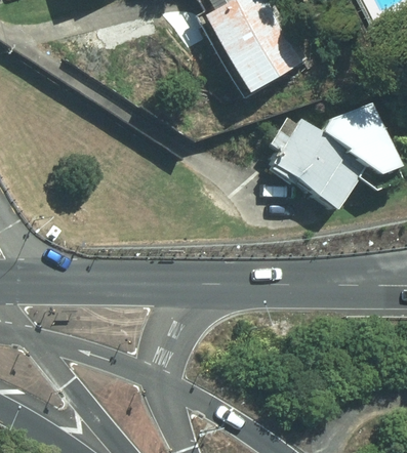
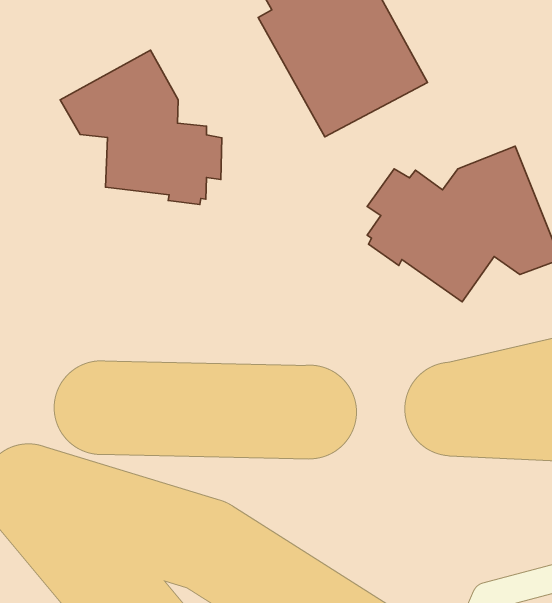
building: none -> [60,50,222,204]

